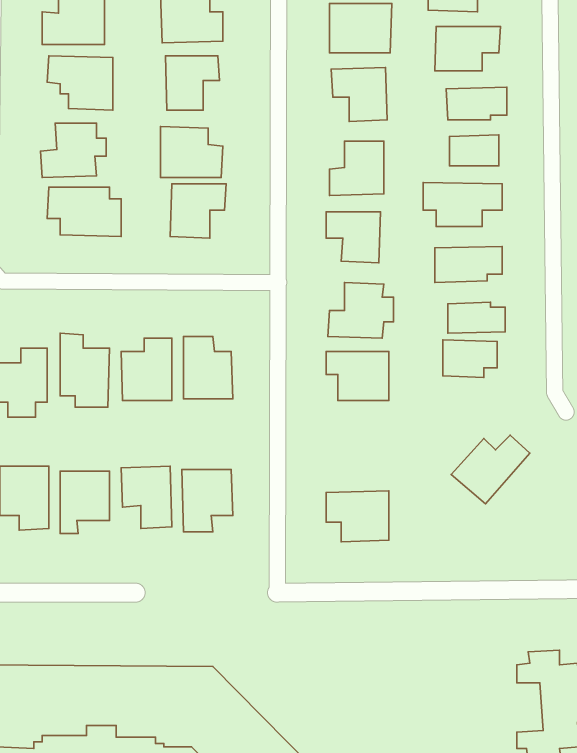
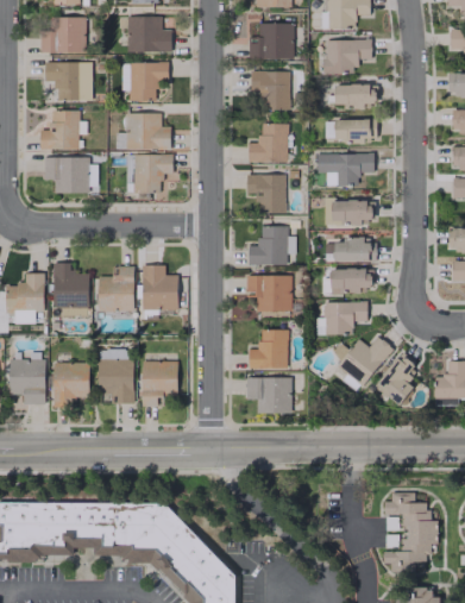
building: none -> [325,302,367,335]
building: none -> [249,329,288,370]
building: none -> [375,352,417,406]

